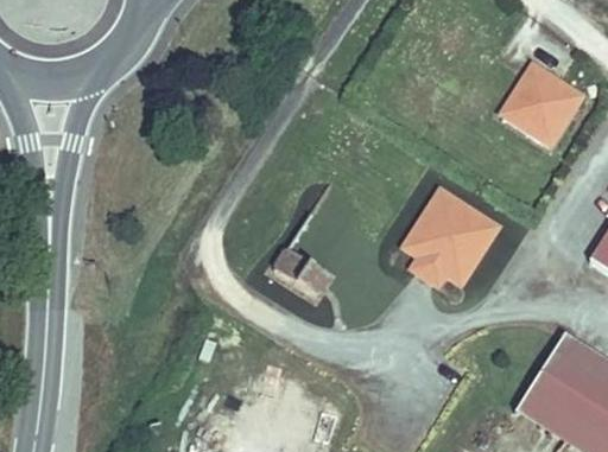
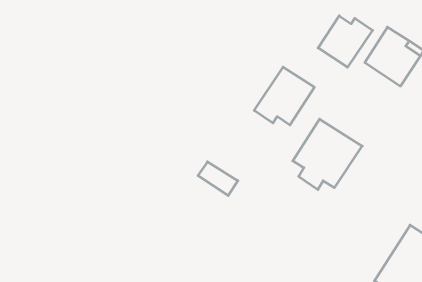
building: none -> [318,16,373,67]
building: none -> [254,67,314,125]

